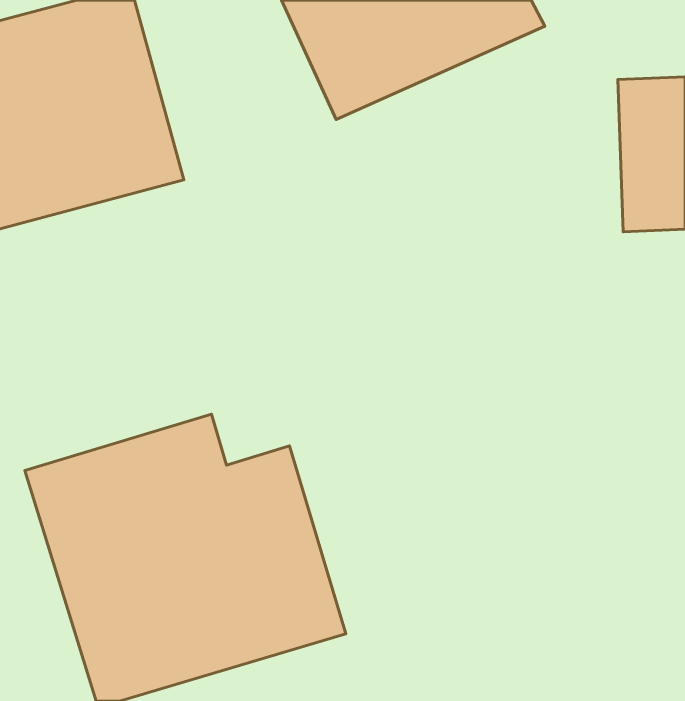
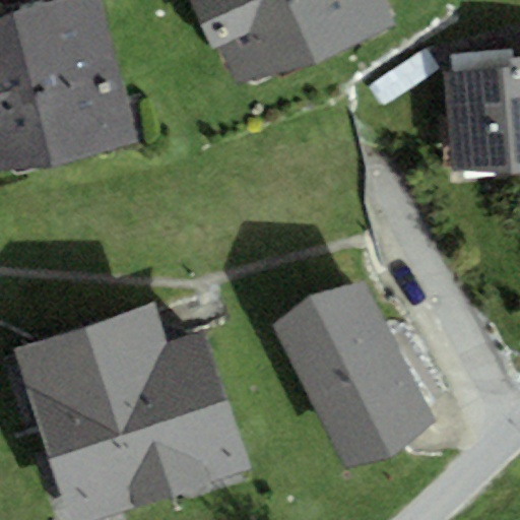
building: none -> [263,267,424,458]

